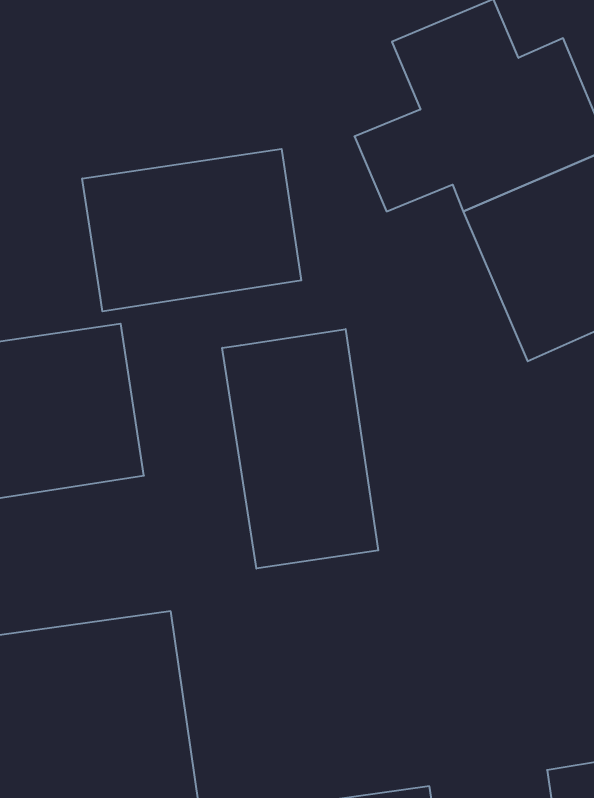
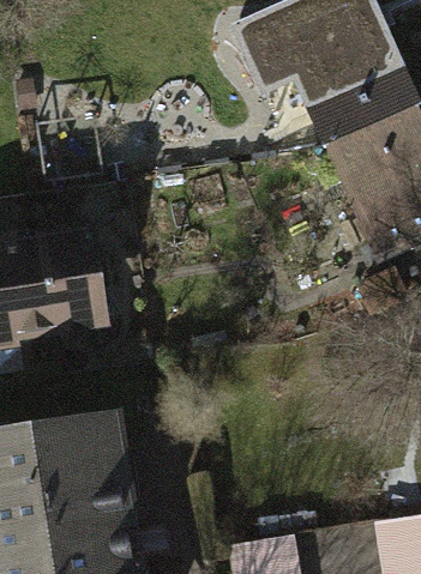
building: [82,149,301,311] -> none
building: [222,329,378,569] -> none

